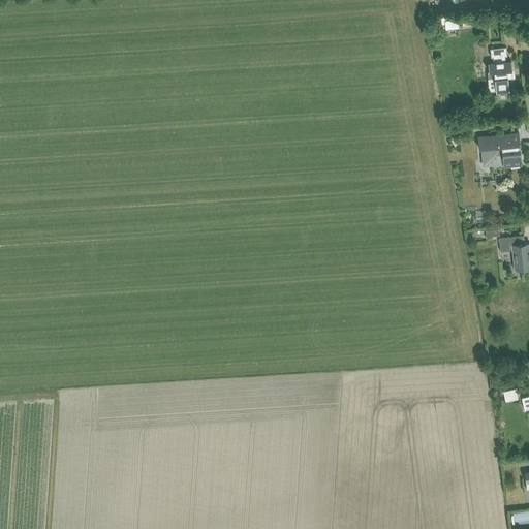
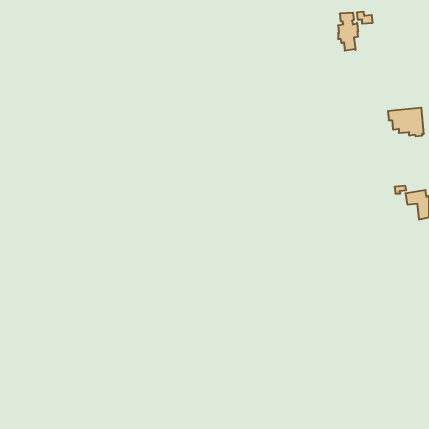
building: [488,48,512,94] -> [338,13,358,51]

